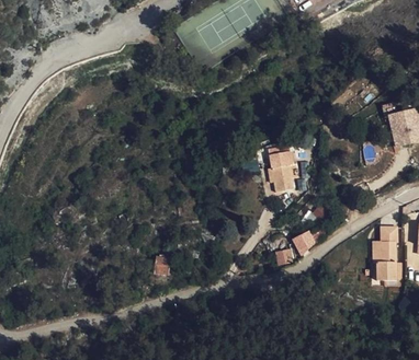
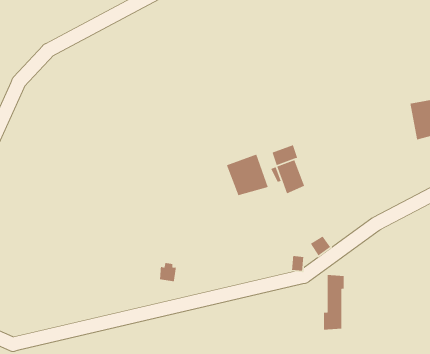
building: none -> [226,154,269,196]
building: [376,225,396,278] -> [323,274,344,330]

